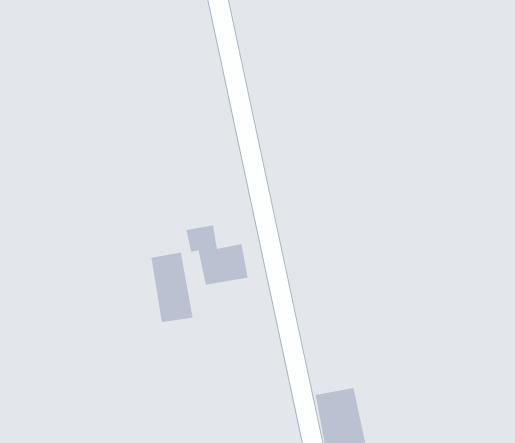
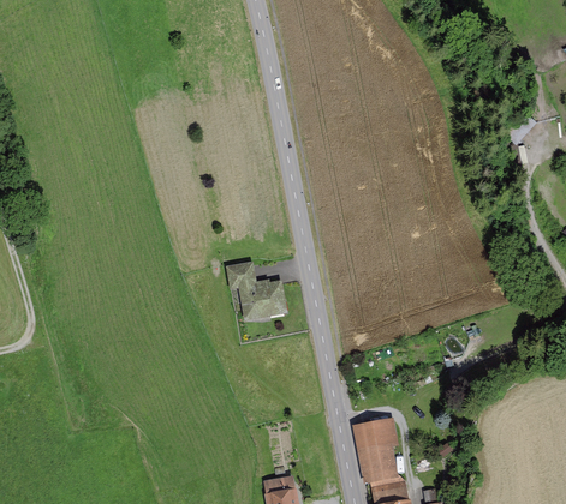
building: [151,252,193,323] -> none

